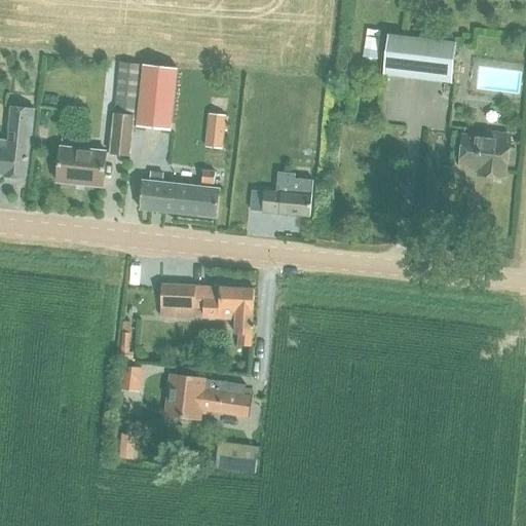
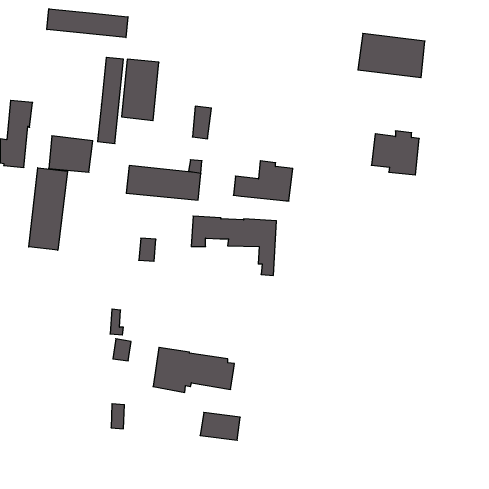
building: none -> [47,9,128,38]
building: [459,132,511,179] -> [371,131,419,175]
building: none -> [29,168,68,250]
building: [163,285,255,348] -> [191,216,276,275]

